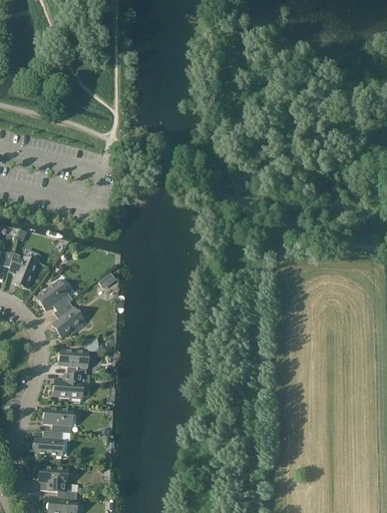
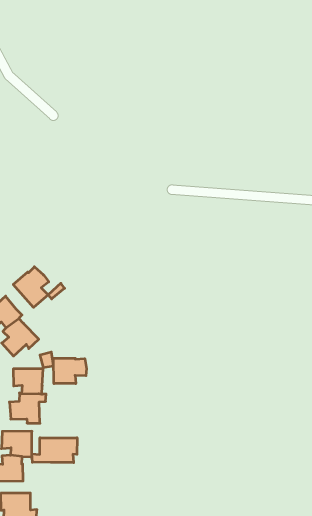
building: none -> [13,267,49,307]
building: none -> [53,358,87,384]
building: none -> [32,438,77,463]

